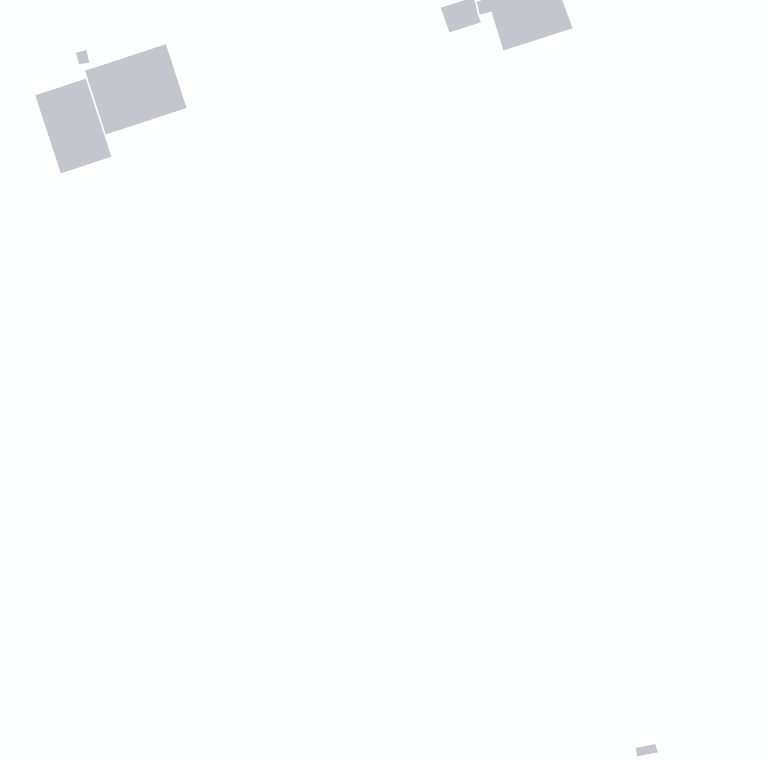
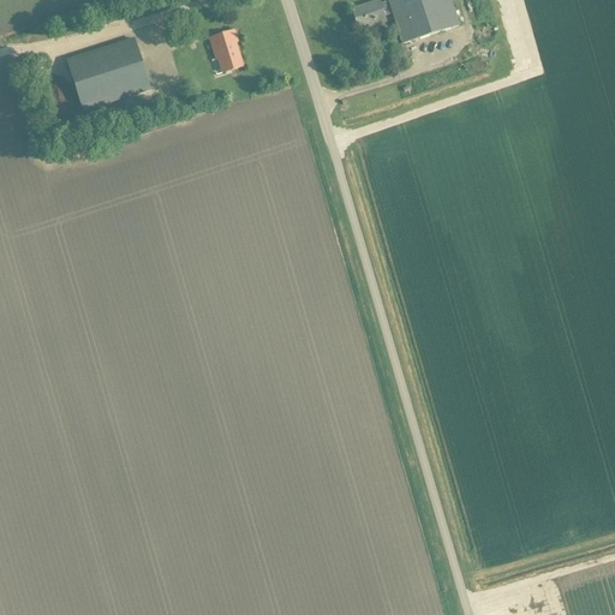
building: none -> [210,28,243,70]
building: [34,78,112,174] -> none

